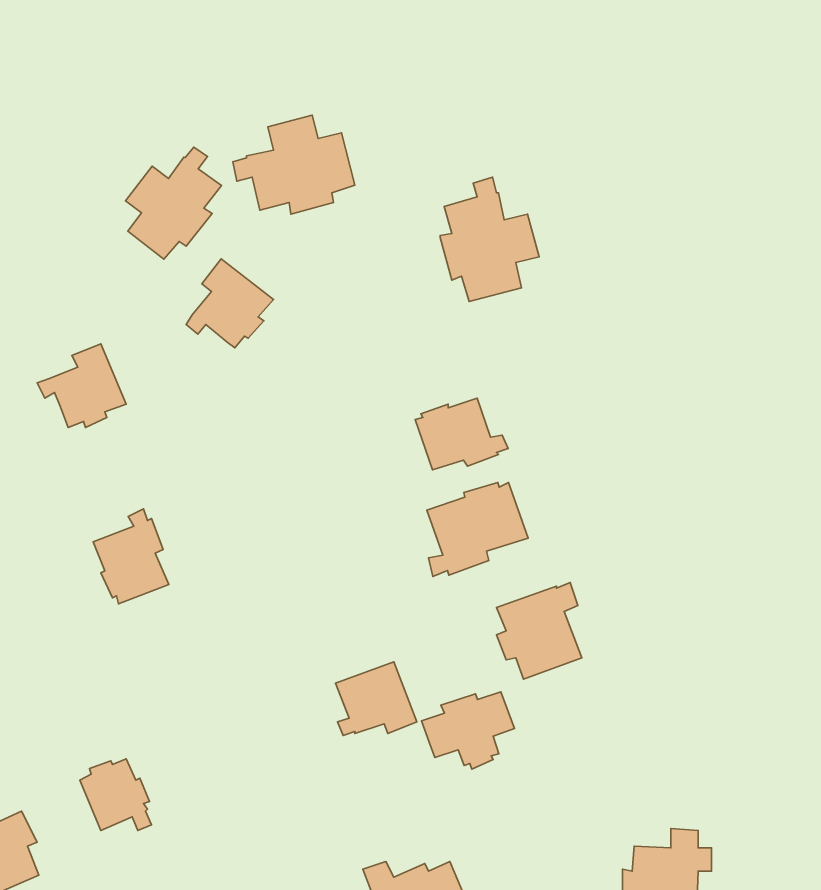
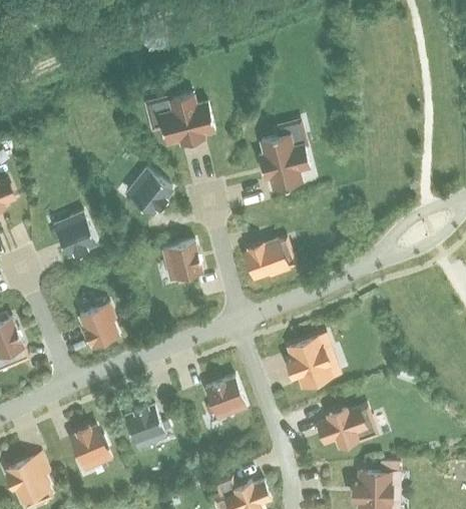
building: [125,147,221,259] -> none
building: none -> [162,241,202,285]
building: [427,482,528,576] -> none
building: [421,692,514,769] -> [318,409,366,449]
building: none -> [124,406,169,448]

